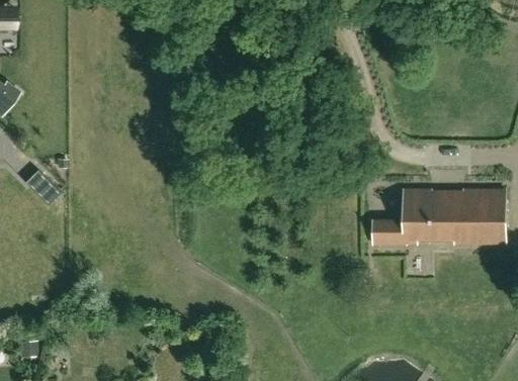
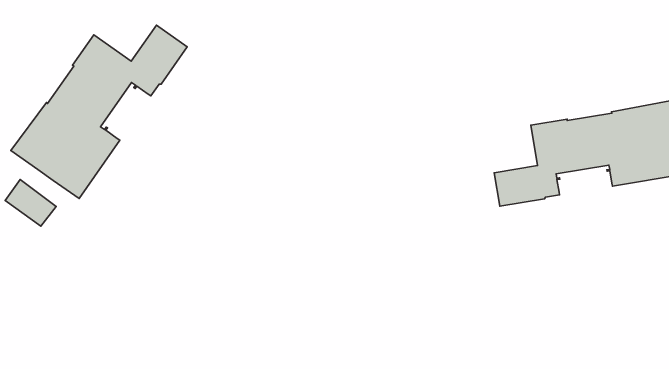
building: none -> [11,25,187,199]

